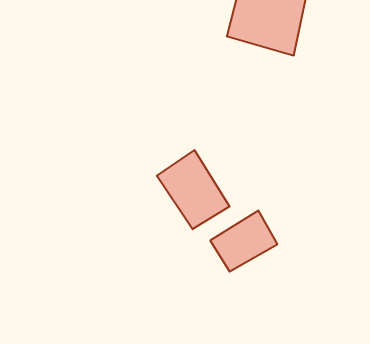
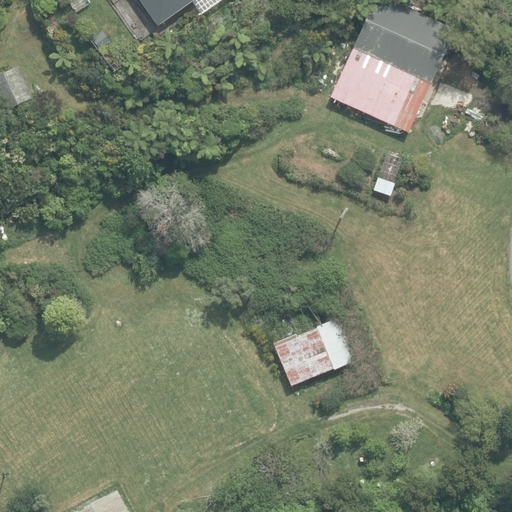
building: [157,150,230,229] -> none

